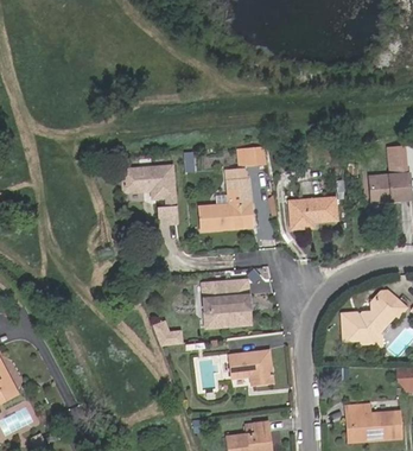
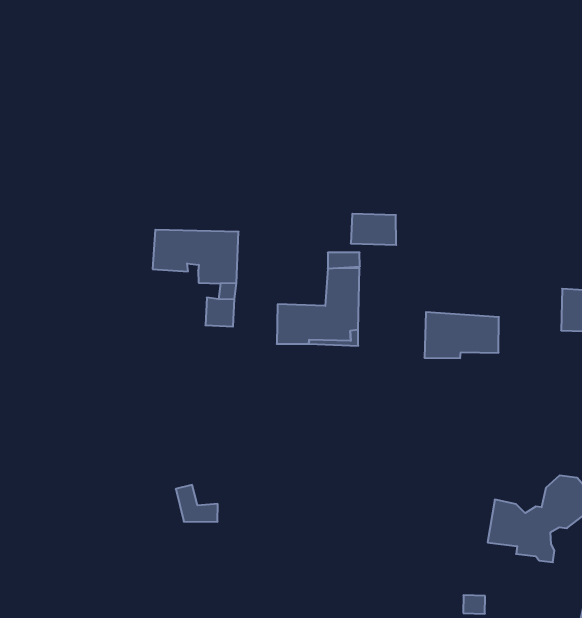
building: [203,279,247,326] -> none
building: [230,350,273,381] -> none

